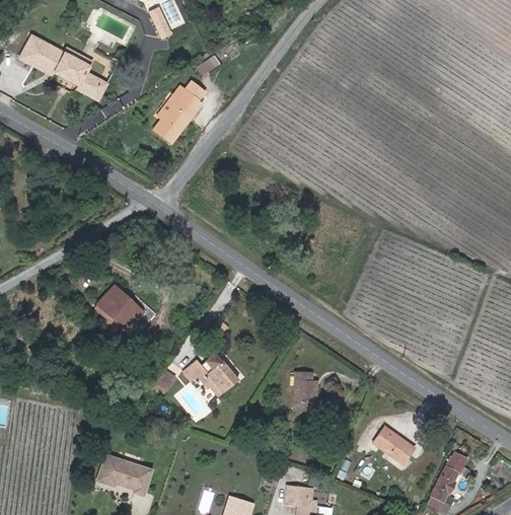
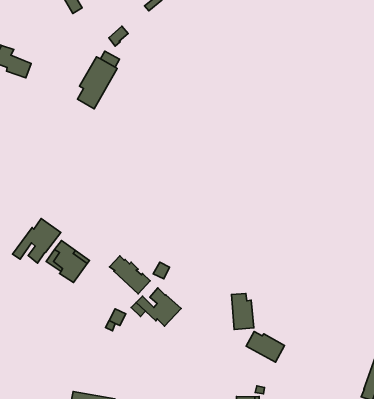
building: none -> [13,219,61,263]
building: none -> [109,256,150,294]
building: [372,427,415,464] -> [246,331,284,362]

